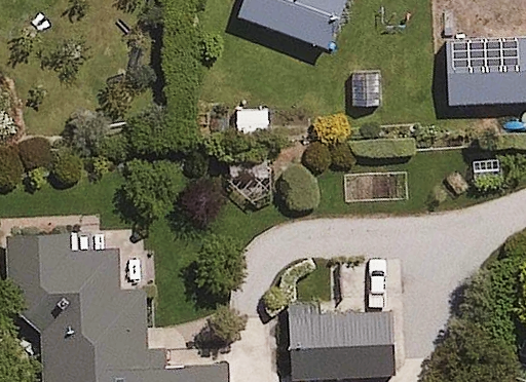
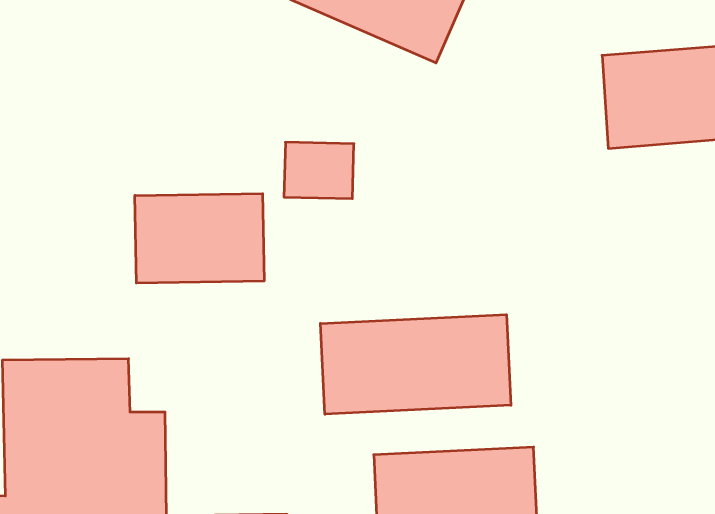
building: none -> [135,194,264,283]
building: none -> [320,315,511,414]

